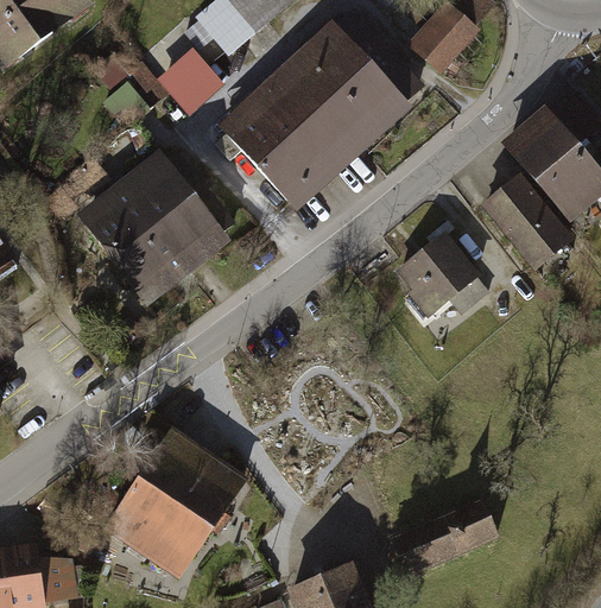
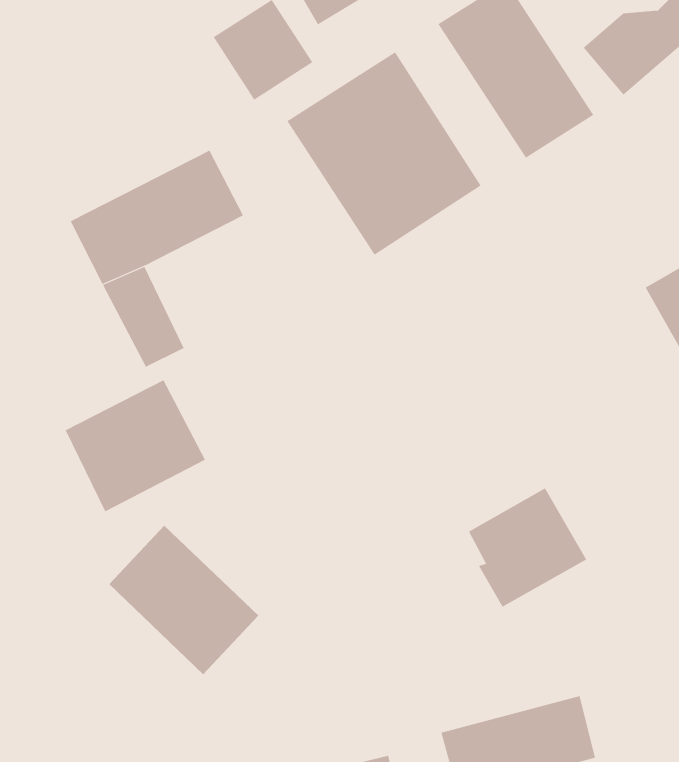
building: [280,44,382,151] -> none
building: [131,198,232,297] -> [65,379,206,512]
building: [399,234,485,322] -> [468,488,587,607]
building: [103,469,217,575] -> none

